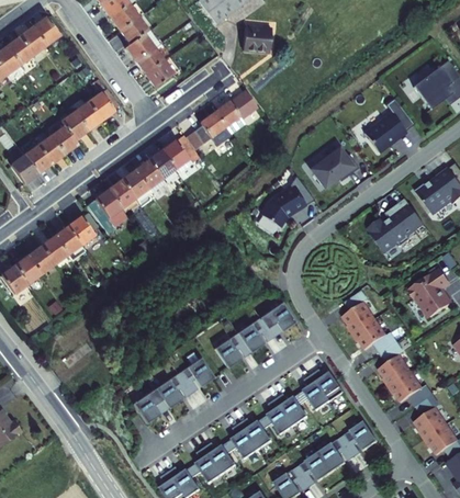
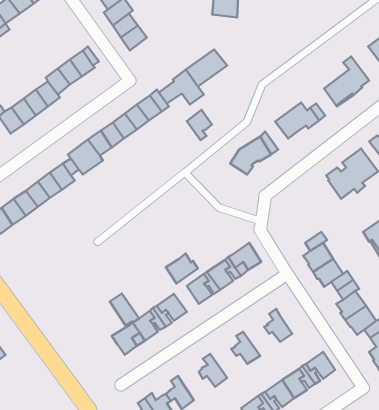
building: none -> [187,110,212,140]
building: none -> [166,254,198,284]
building: none -> [110,293,139,326]
building: [313,369,345,401] -> none
building: [277,394,308,426] -> none
building: [240,418,272,450] -> none
building: [205,442,237,474] -> none

